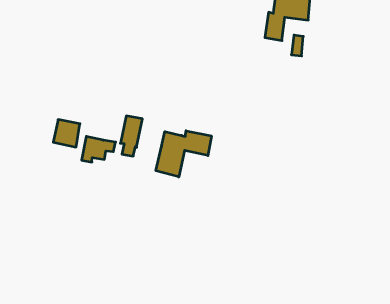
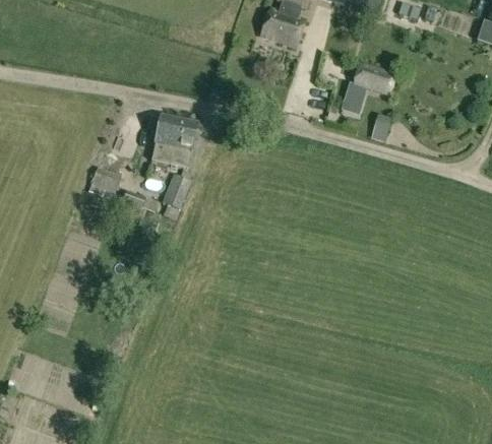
building: none -> [150,115,198,169]
building: [156,131,211,177] -> none

